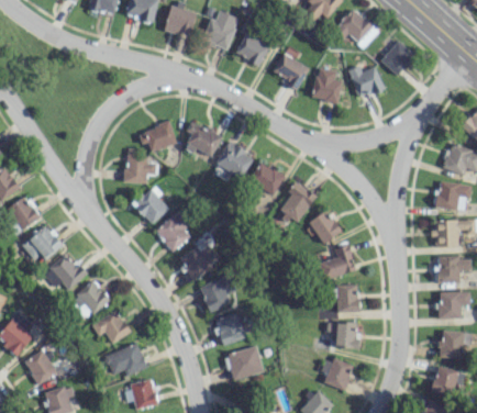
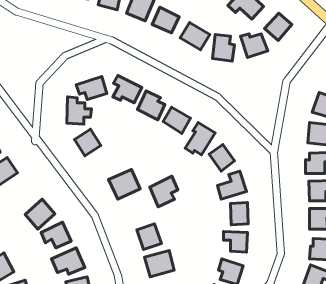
building: [155,213,195,252] -> none
building: [44,253,86,290] -> none
building: [199,274,235,313] -> [150,176,178,207]

